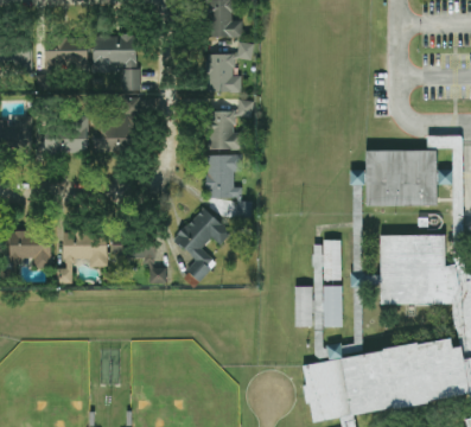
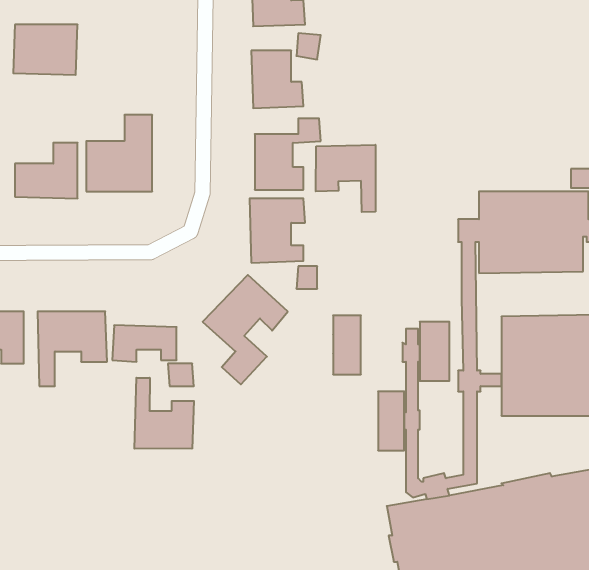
building: [94,34,139,90] -> none
building: none -> [316,145,375,212]
building: none -> [134,378,194,449]
building: [322,286,340,326] -> [333,315,361,374]

